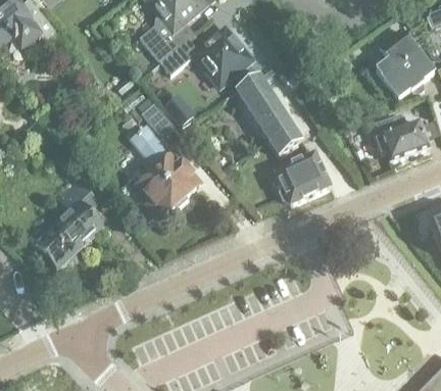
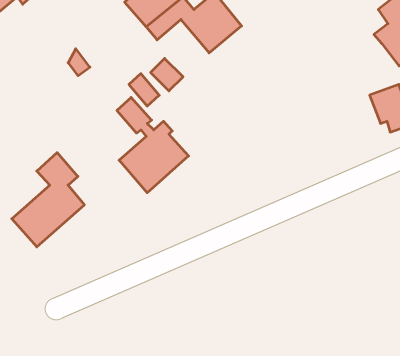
building: [236,76,301,155] -> none
building: [274,152,329,203] -> none

